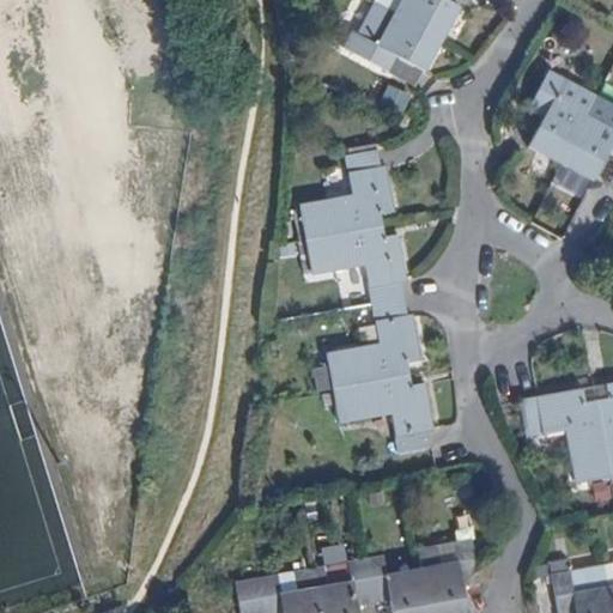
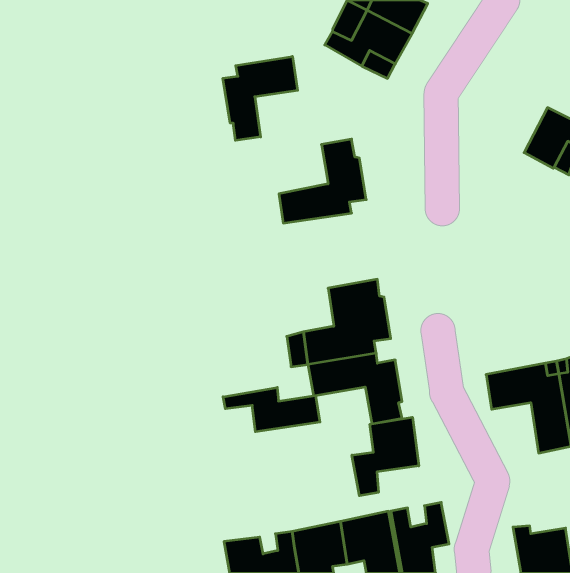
building: none -> [223,56,298,140]
building: [528,71,599,163] -> none
building: [292,227,406,308] -> none
building: none -> [223,387,320,432]
building: none -> [352,417,419,496]

